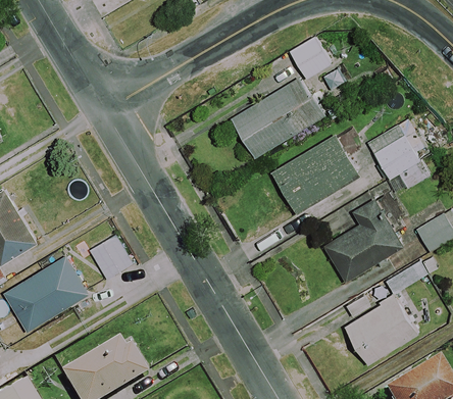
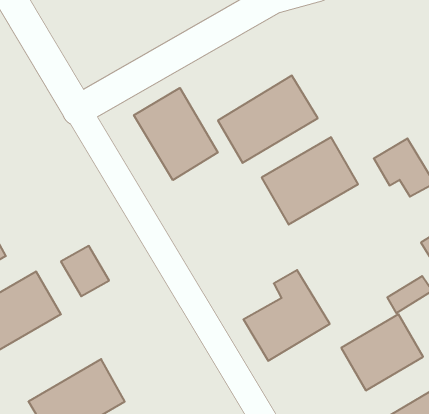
building: [289,35,331,78] -> none
building: none -> [134,88,218,180]
building: [323,198,402,281] -> [243,270,330,361]

